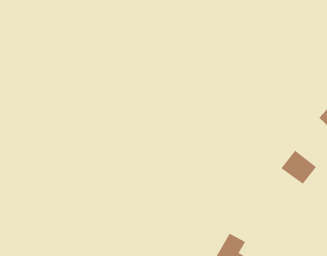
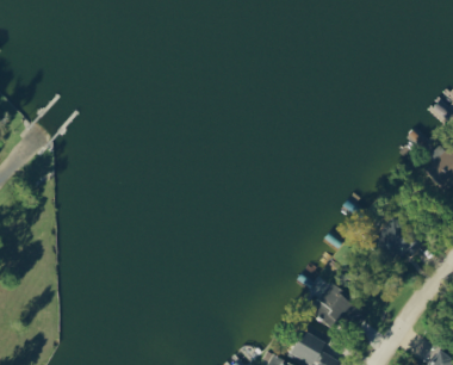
building: none -> [311,284,358,330]

